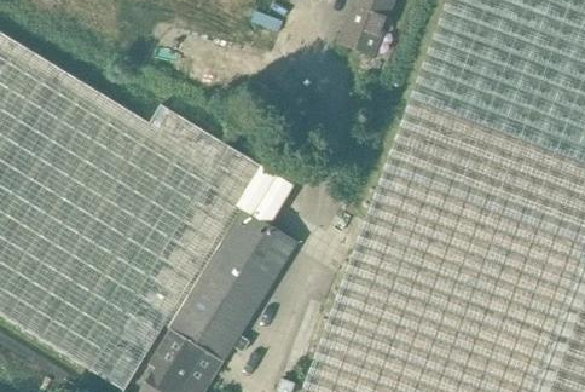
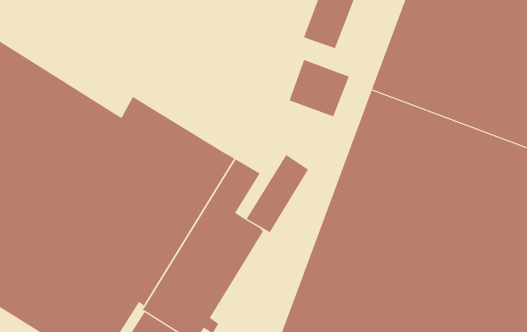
building: none -> [289,59,349,117]
building: none -> [246,154,309,233]

